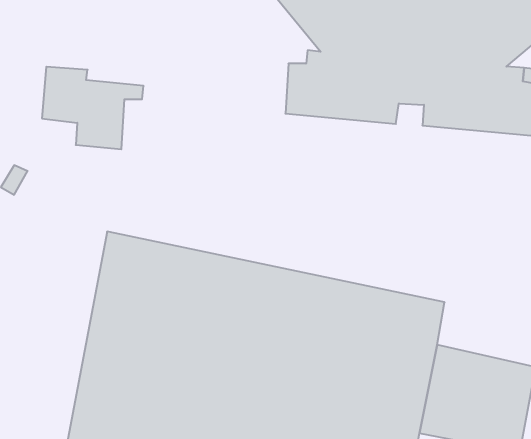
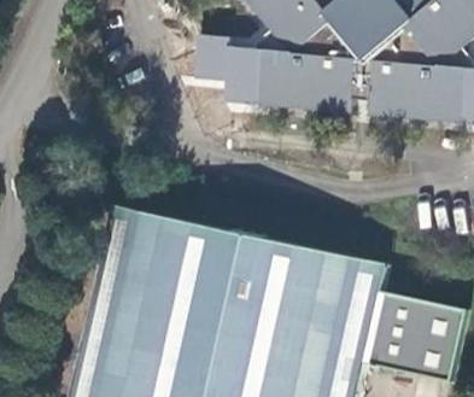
building: [42,67,144,149] -> [194,36,277,104]

